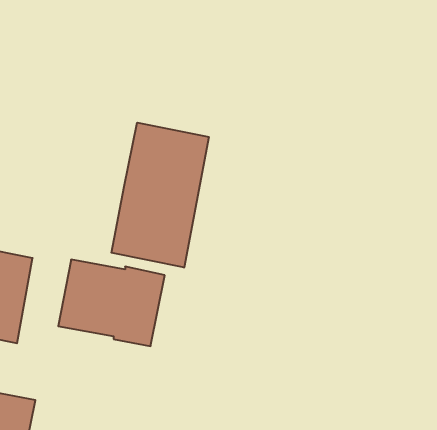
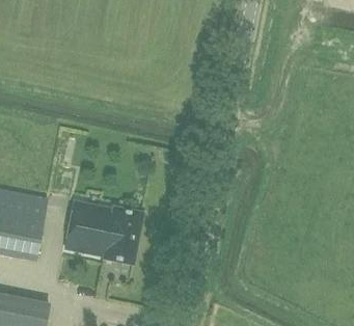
building: [111,123,209,268] -> none

